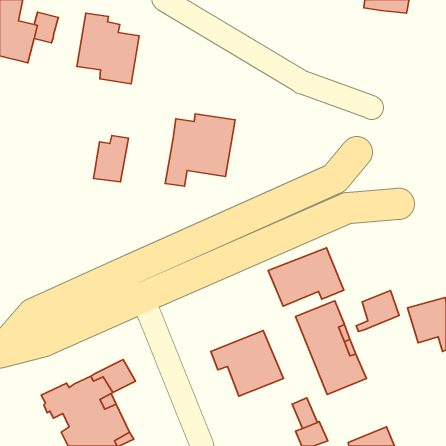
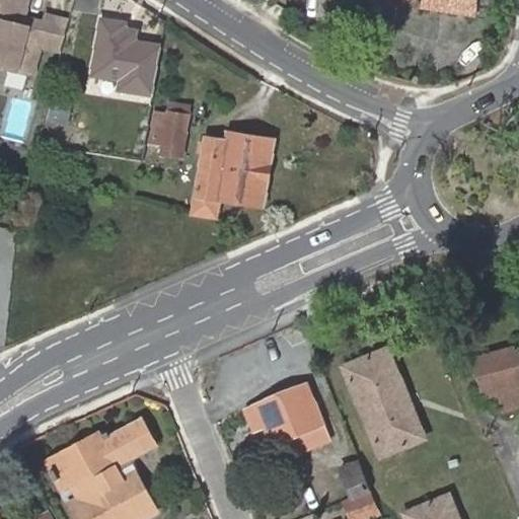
building: [93,136,128,182] -> [148,102,189,156]
building: [268,248,344,306] -> none
building: [356,290,399,332] -> none

